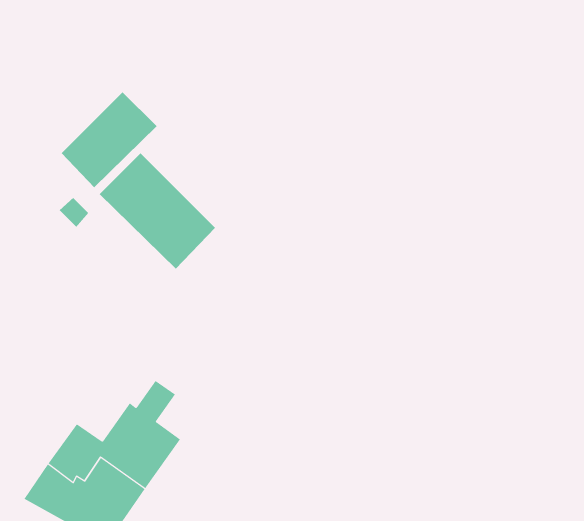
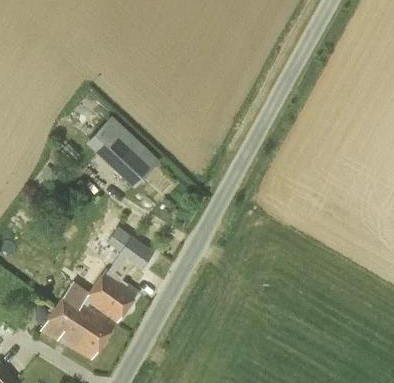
building: [61,91,157,188] -> none
building: none -> [109,223,156,267]

